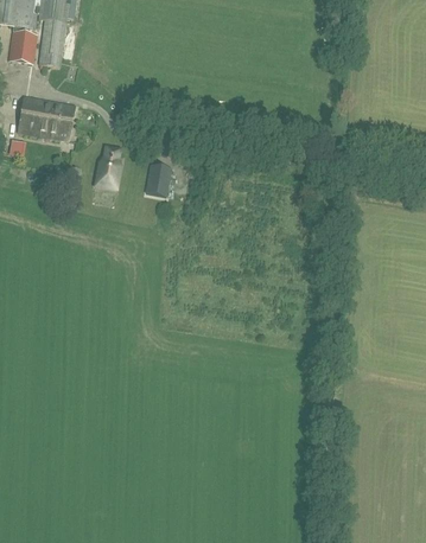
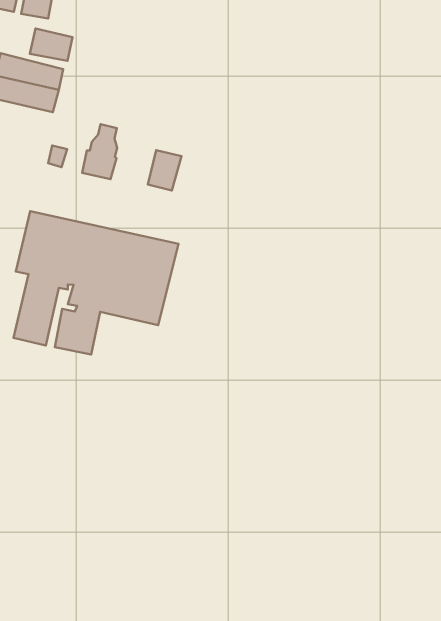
building: none -> [30,29,73,61]
building: none -> [13,211,178,355]

